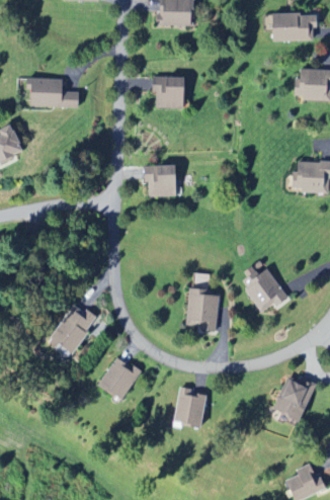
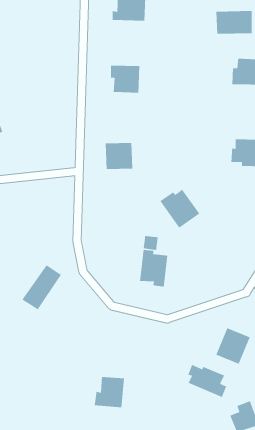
building: [30,78,82,107] -> none
building: [241,268,287,314] -> [160,189,200,228]
building: [98,356,141,400] -> none
building: [170,390,205,426] -> [94,376,125,408]
building: none -> [188,364,227,398]

